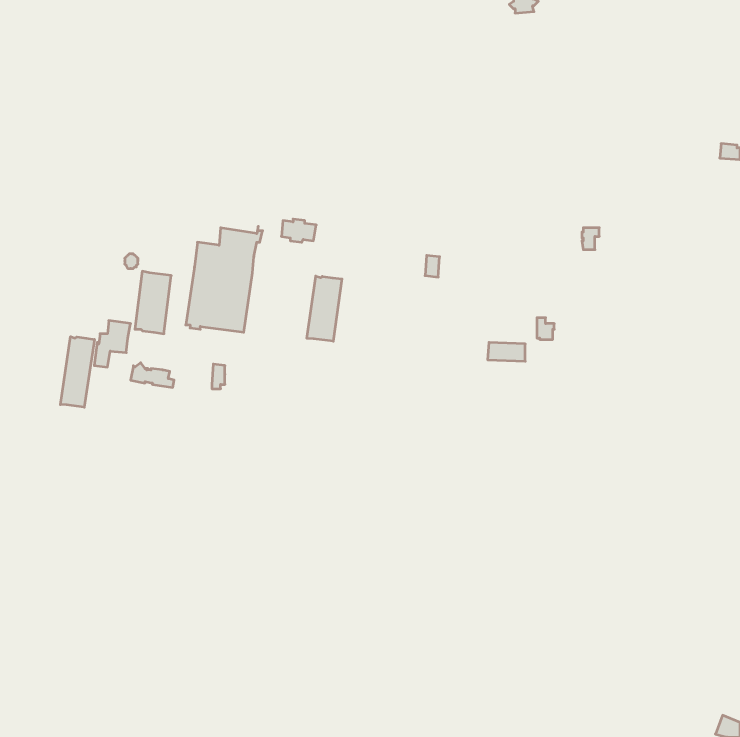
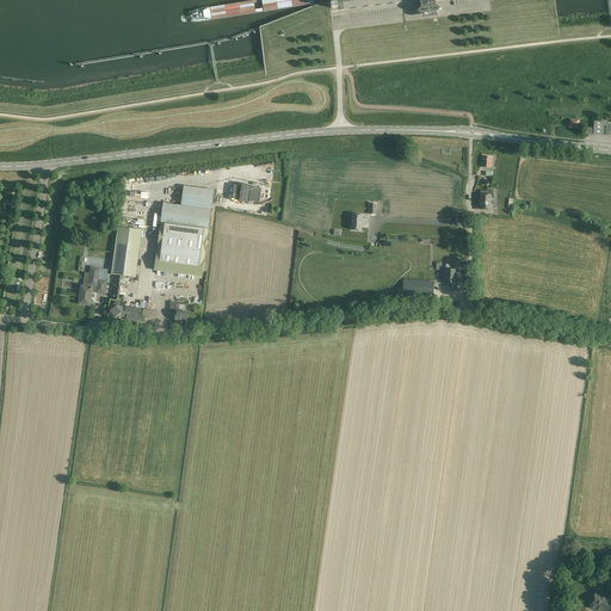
building: [307,276,342,341] -> none
building: [60,337,94,407] -> none

